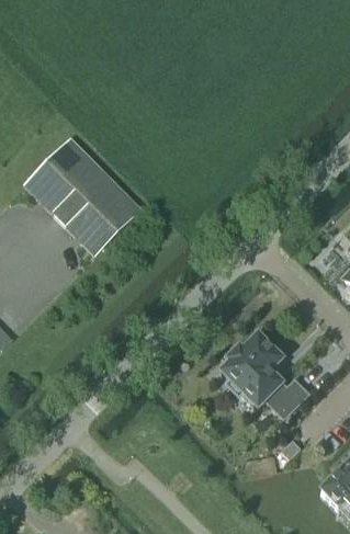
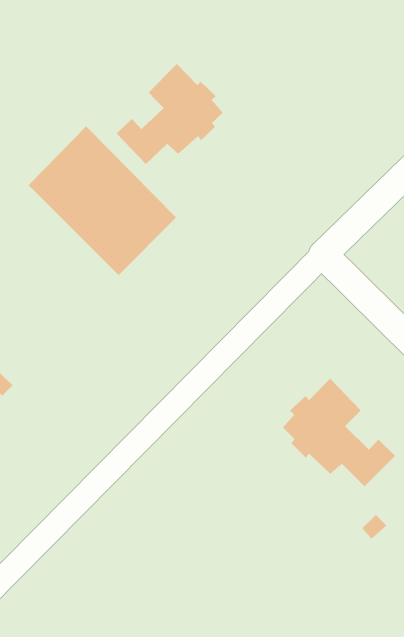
building: none -> [116,63,223,165]

